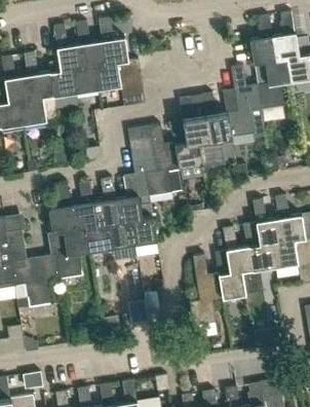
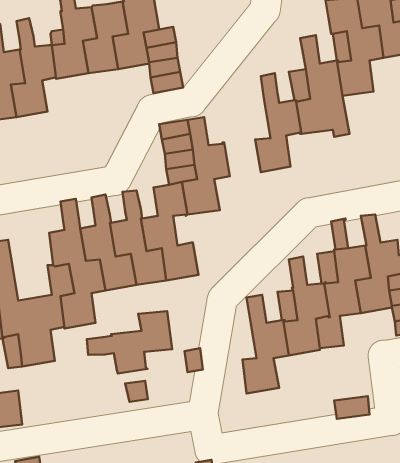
building: [176,97,209,168] -> none
building: none -> [87,311,172,374]

